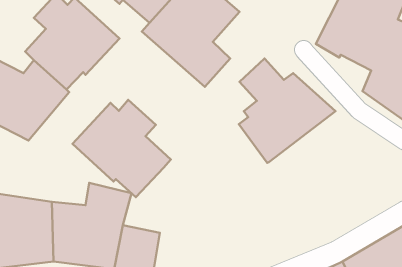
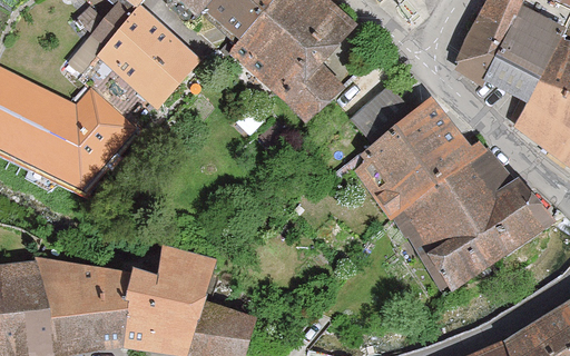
building: [72,100,171,197] -> none
building: none -> [393,152,554,288]

